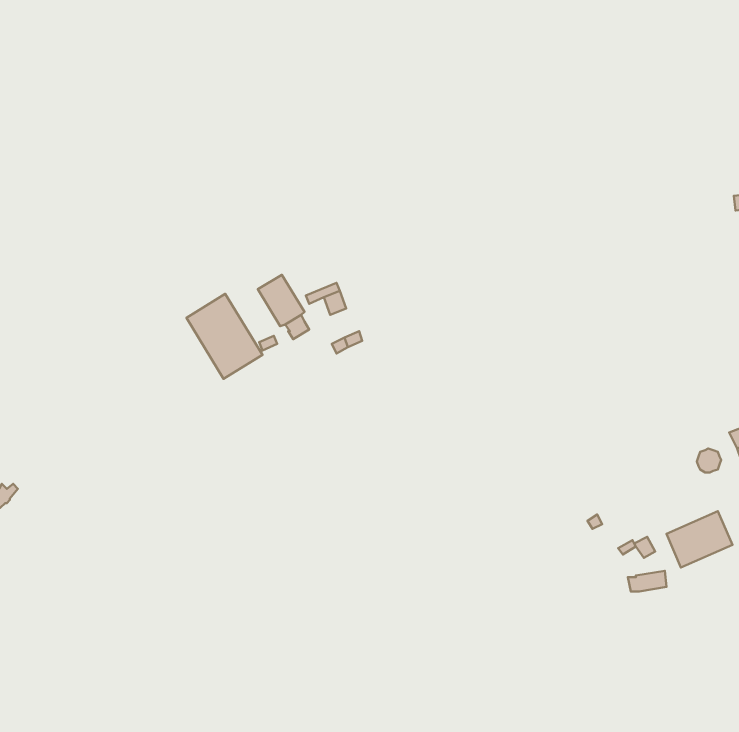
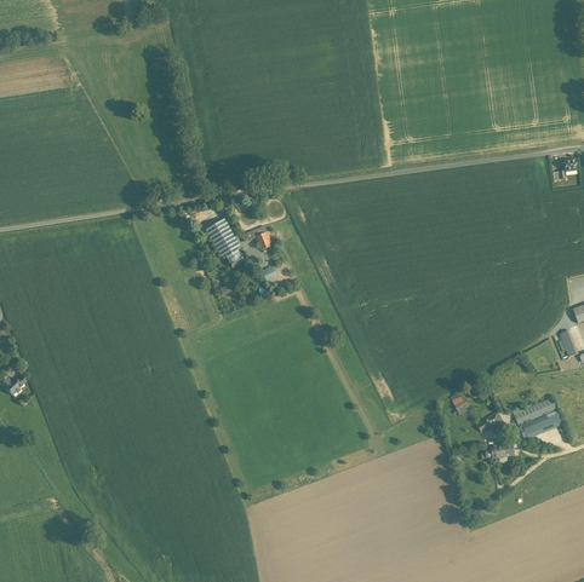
building: [186,294,262,379] -> none

